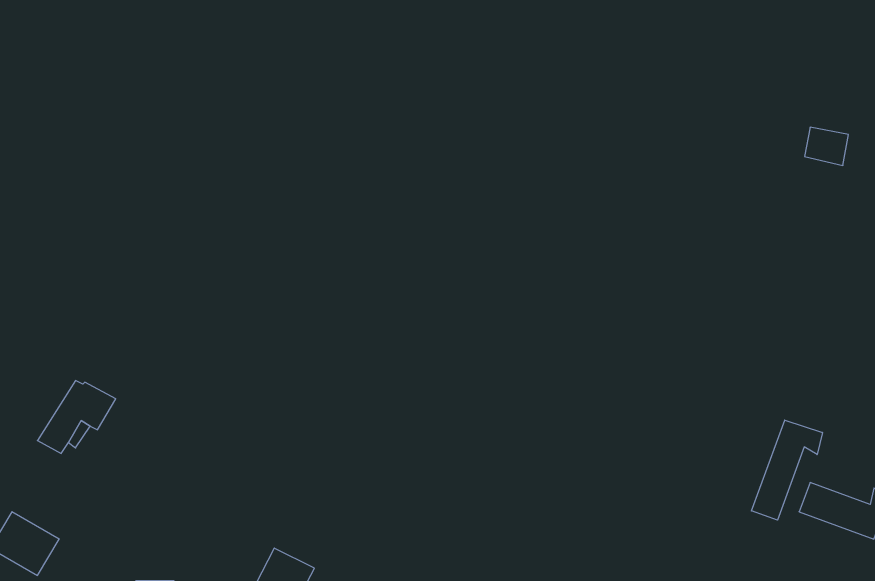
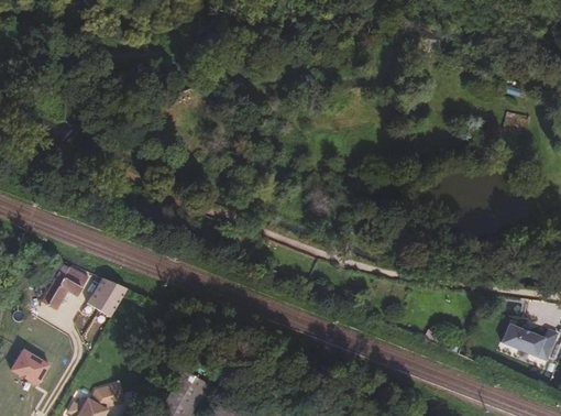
building: none -> [88,276,129,317]
building: [751,420,822,520] -> none

